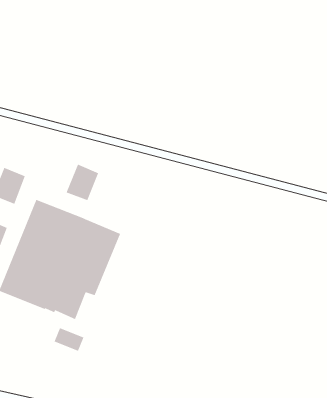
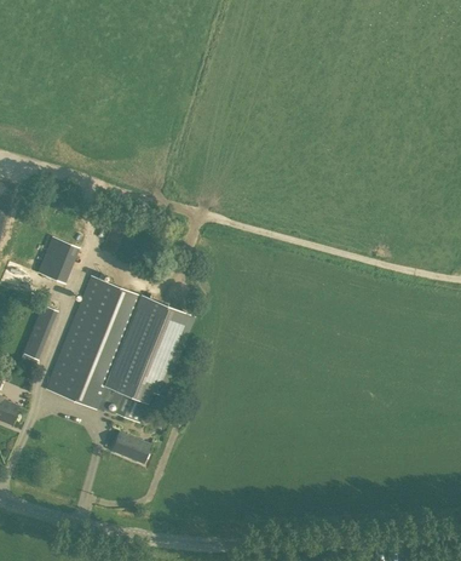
building: [66,163,99,201] -> none

